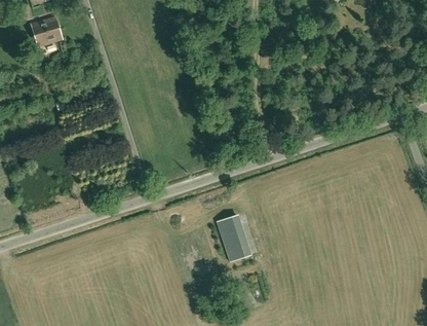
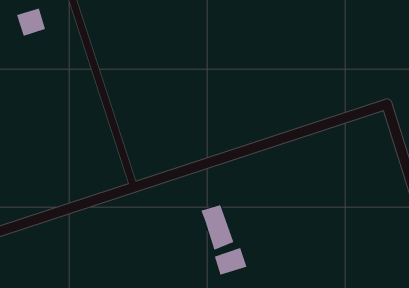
building: none -> [214,247,247,276]

